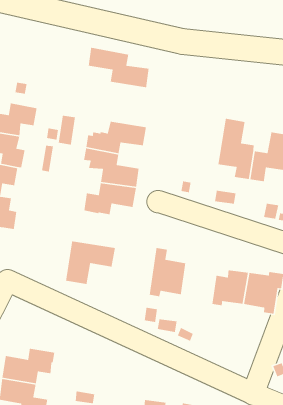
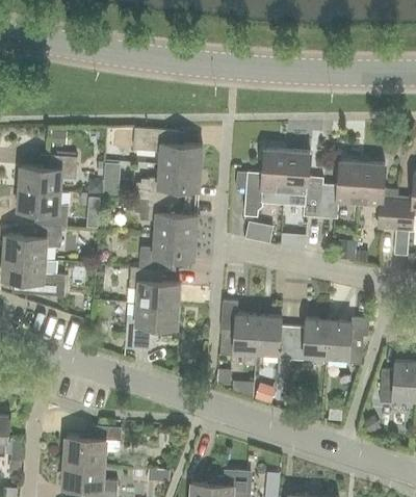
building: [88,47,149,88] -> [133,128,202,168]
building: none -> [243,149,287,217]
building: none -> [128,267,179,306]
building: none -> [256,316,292,360]

